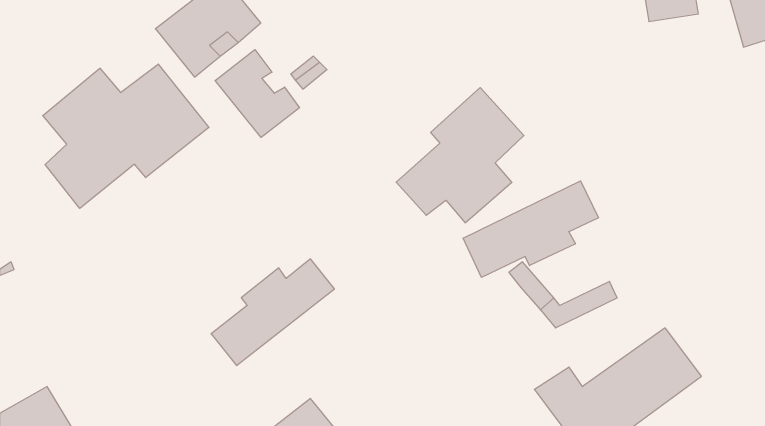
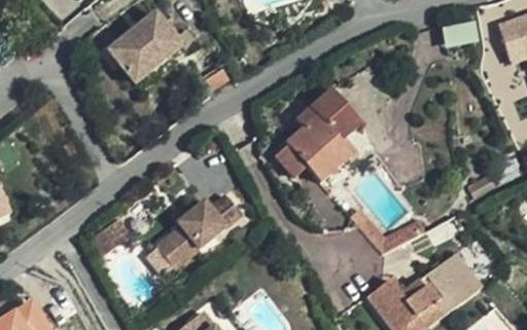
building: [215,50,299,137] -> none
building: [43,64,209,208] -> none
building: [463,181,598,277] -> none

